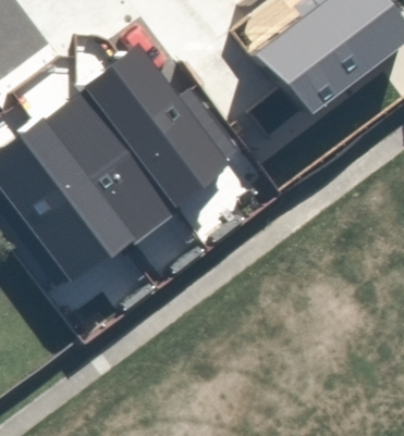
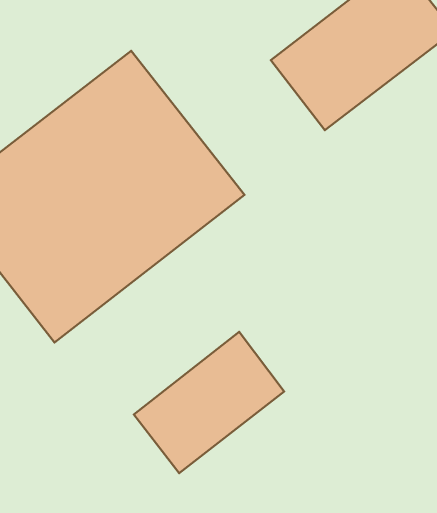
building: none -> [134,332,284,473]

